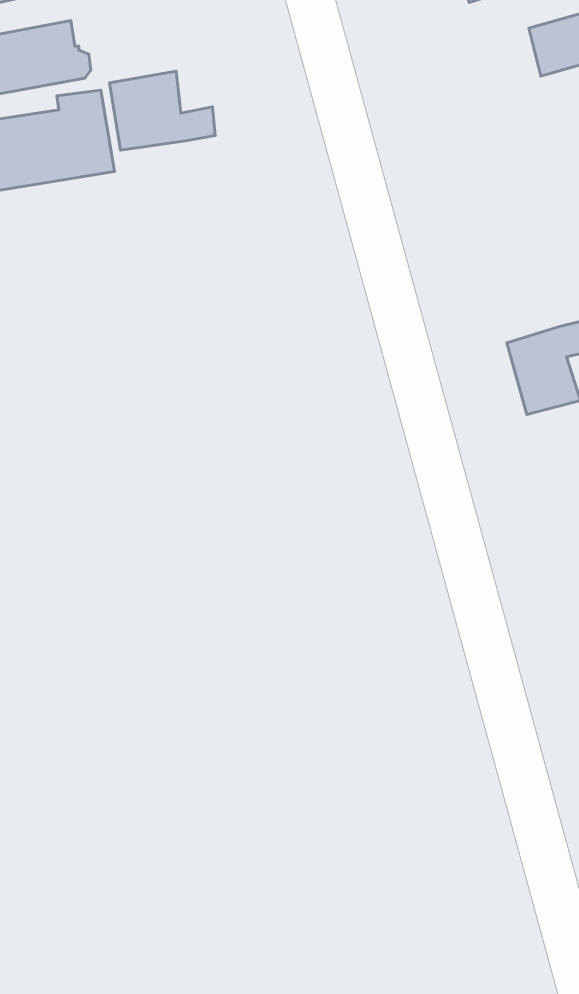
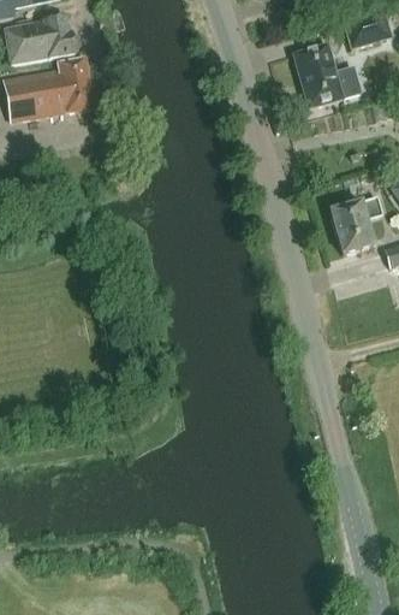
building: none -> [294,46,362,110]
building: [109,71,215,150] -> none

